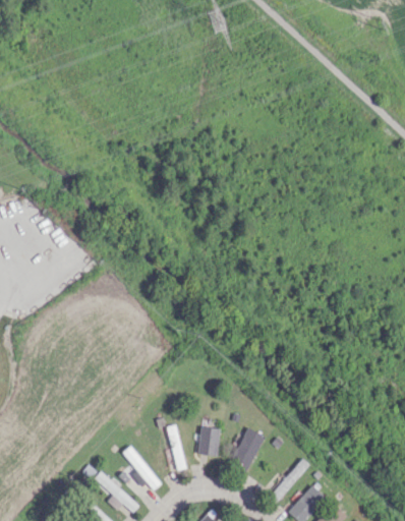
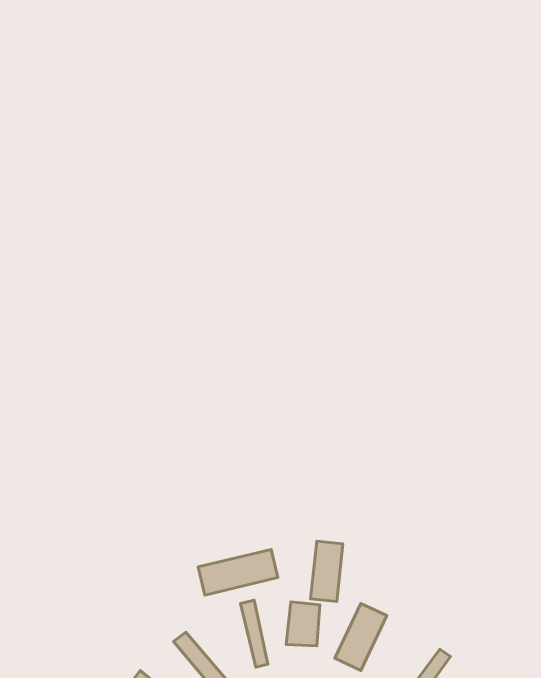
building: none -> [311,541,343,602]
building: none -> [198,549,278,595]

